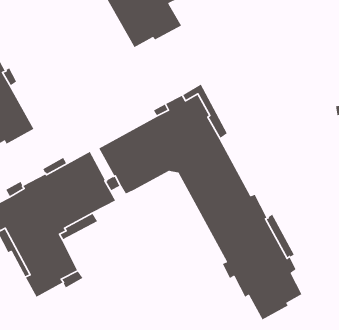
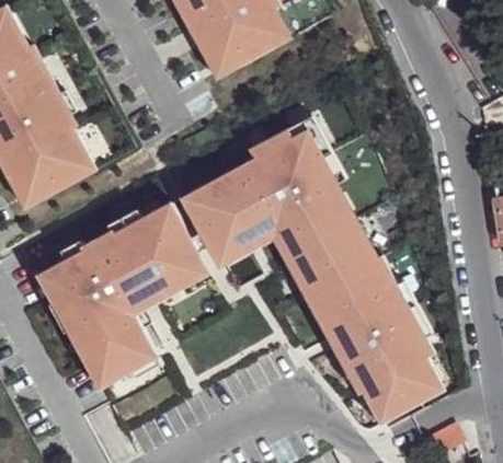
building: none -> [224,228,387,424]

